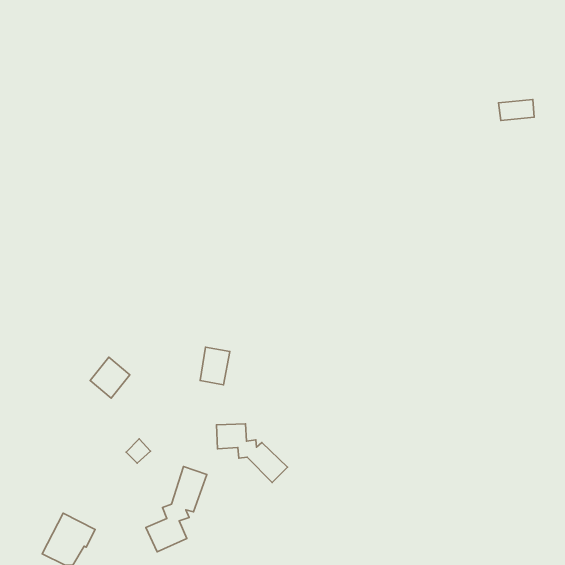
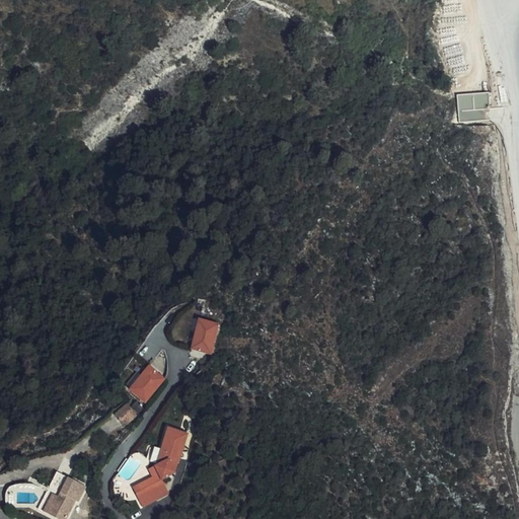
building: [90,357,130,398] -> [127,365,163,402]
building: [216,424,288,483] -> none

